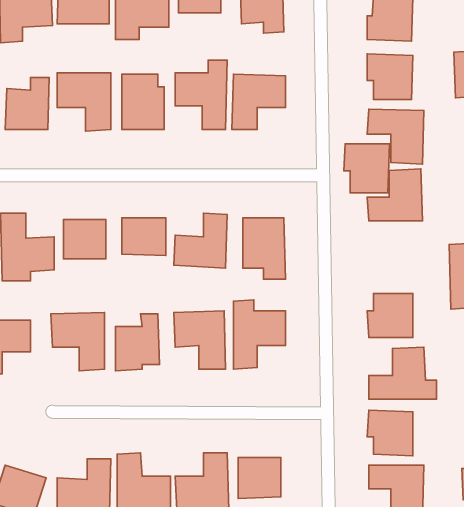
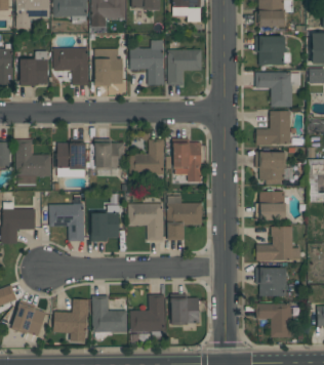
building: [344,144,389,193] -> [255,152,285,184]

